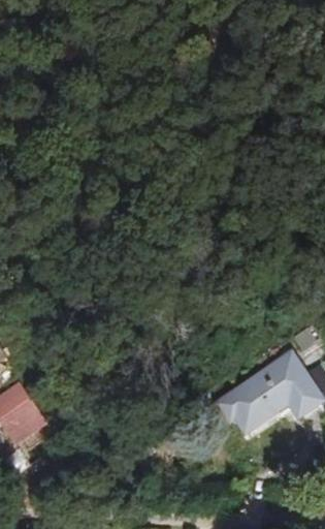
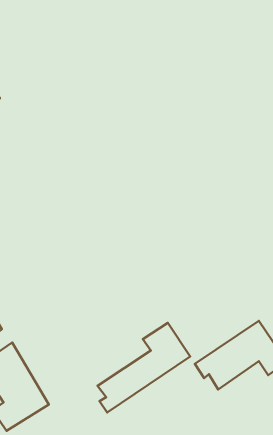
building: none -> [97,323,190,412]

